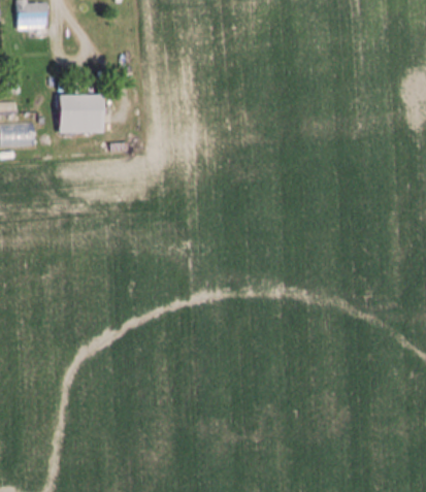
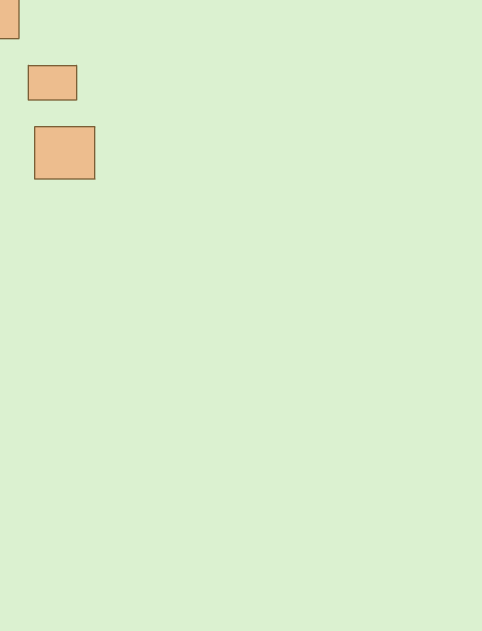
building: none -> [28,65,76,100]

